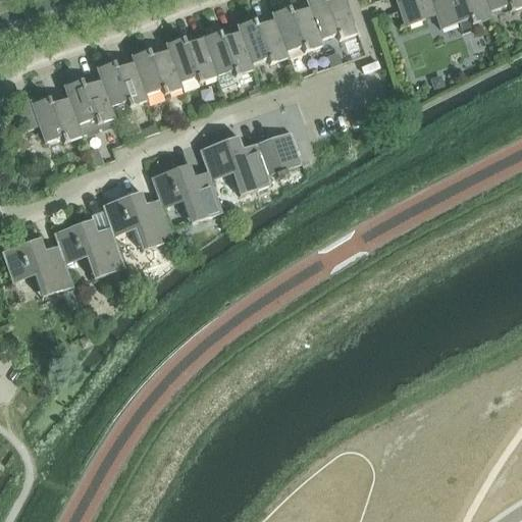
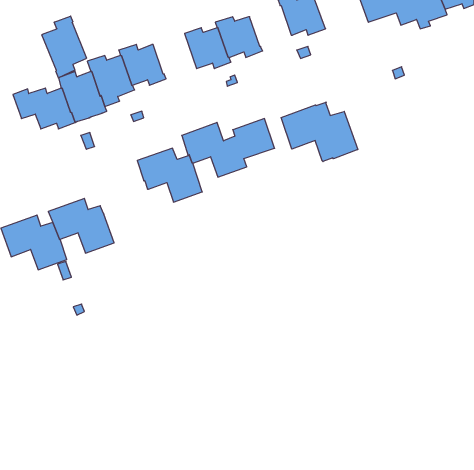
building: [271,6,323,51] -> none
building: none -> [42,16,87,78]
building: [165,37,216,82] -> none
building: none -> [281,102,358,162]
building: [102,191,174,251] -> none

